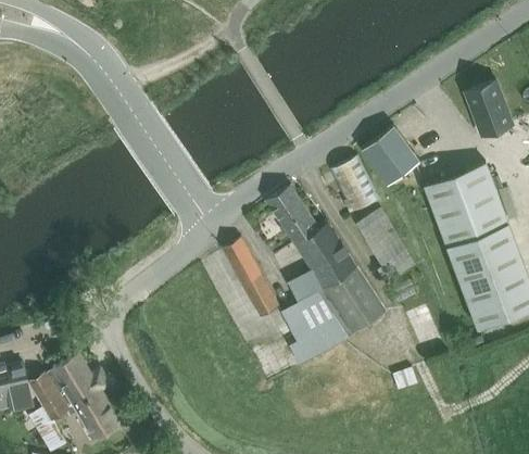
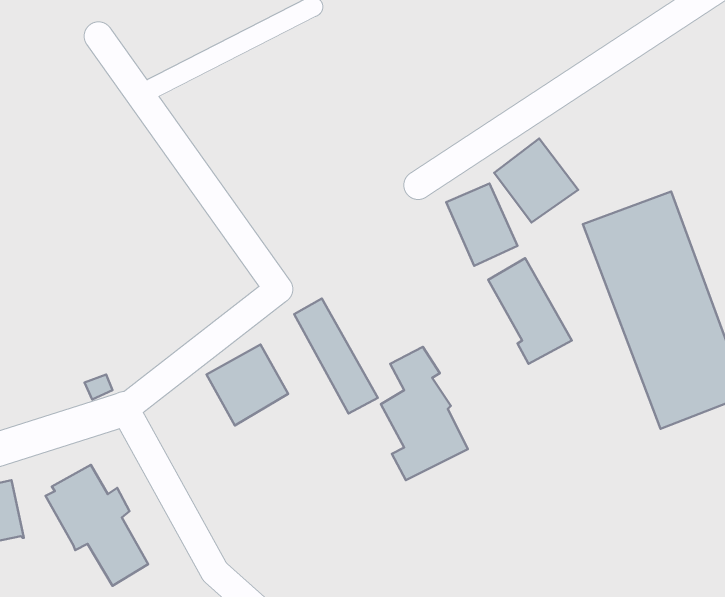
building: [465,81,513,136] -> none
building: [266,186,387,338] -> none
building: none -> [207,345,288,426]
building: [29,373,67,420] -> none

